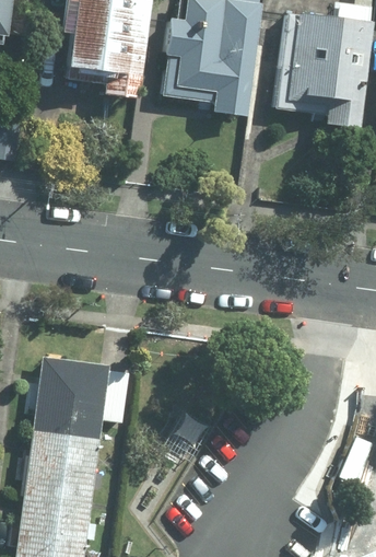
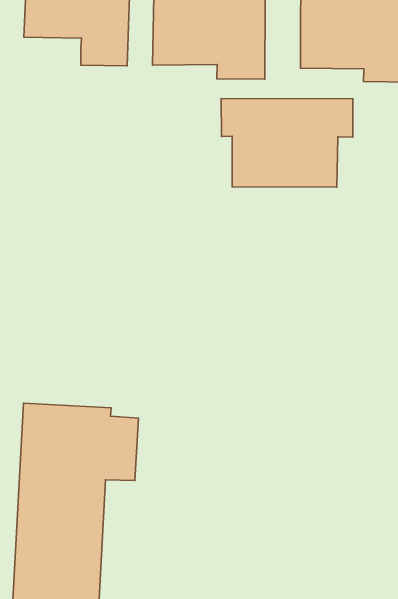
building: none -> [221,99,353,187]

